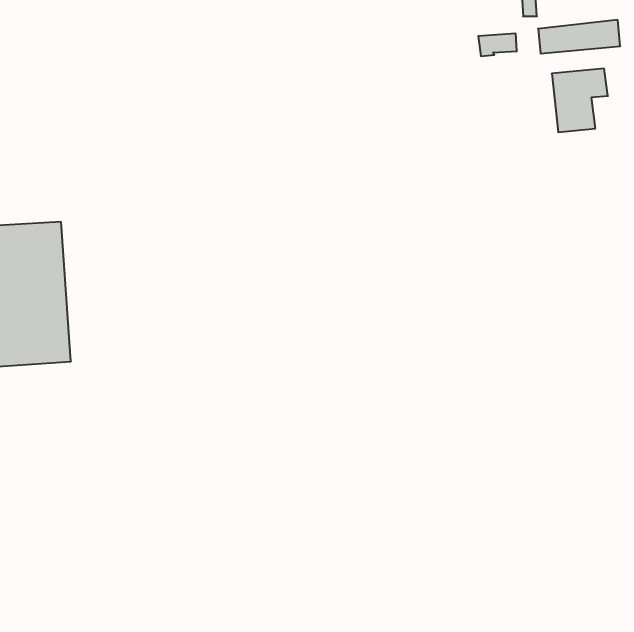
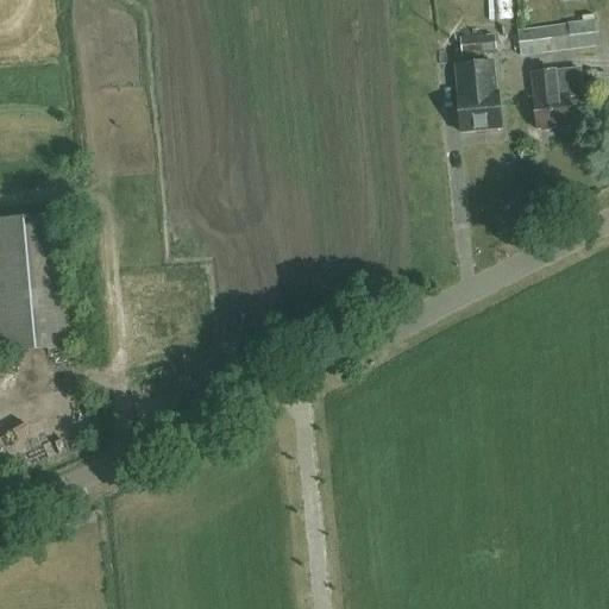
building: none -> [451,58,497,128]

